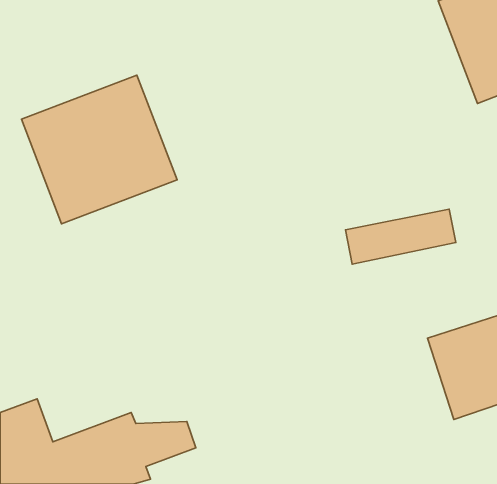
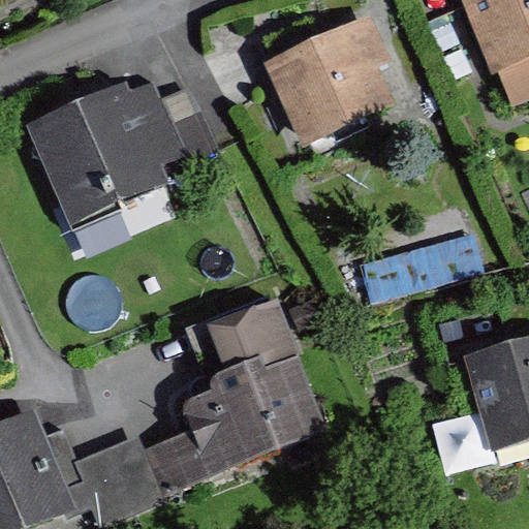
building: none -> [262,17,397,154]
building: none -> [207,314,324,467]

